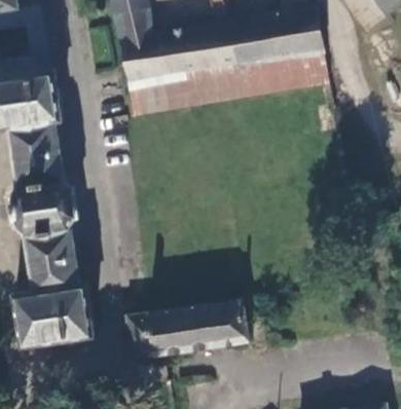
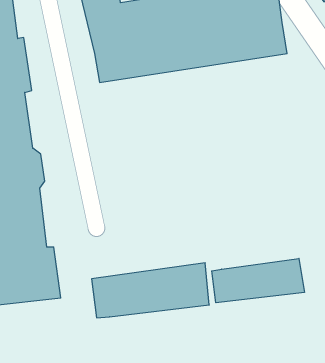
building: none -> [212,258,304,303]

